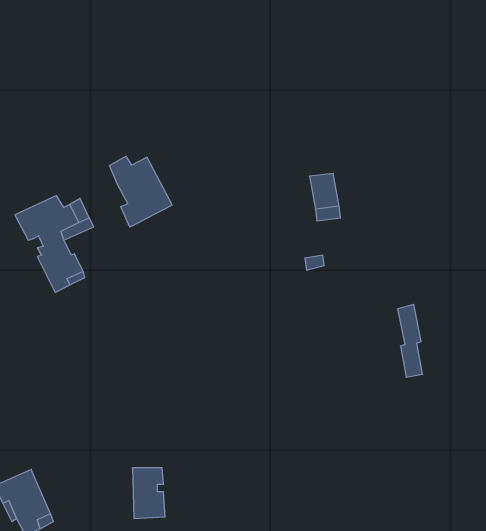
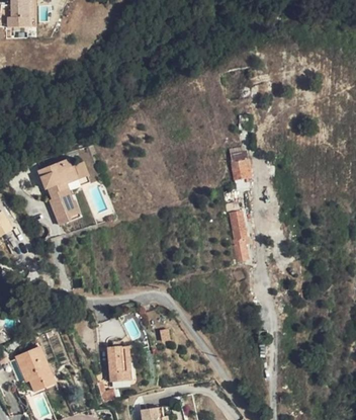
building: [110,156,172,227] -> none
building: [397,304,423,377] -> [230,209,247,259]

